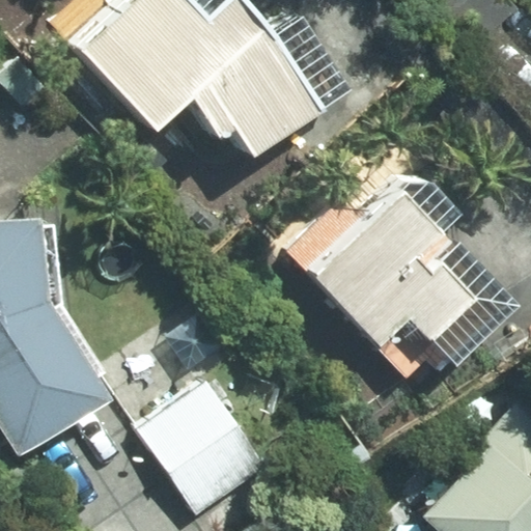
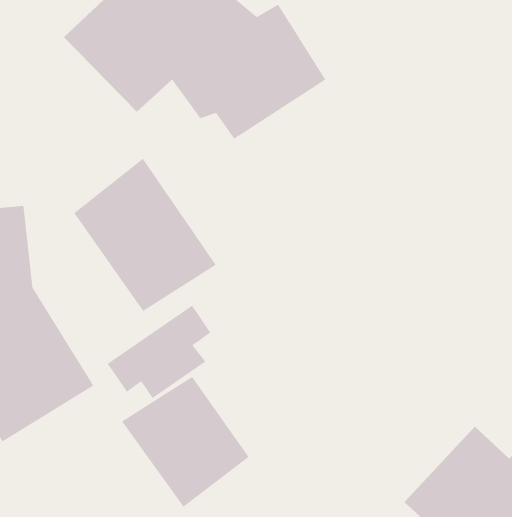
building: none -> [74,158,217,312]
building: [308,184,508,386] -> none

